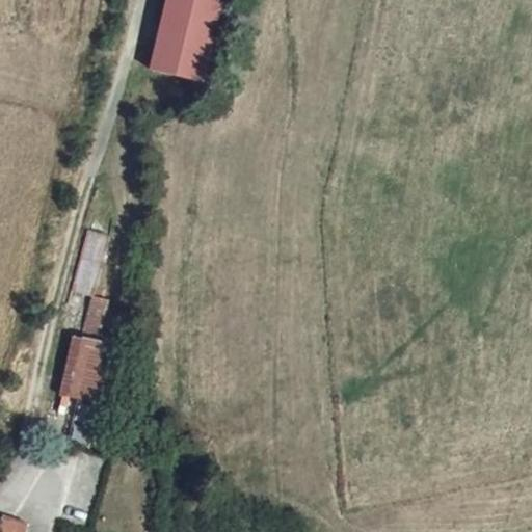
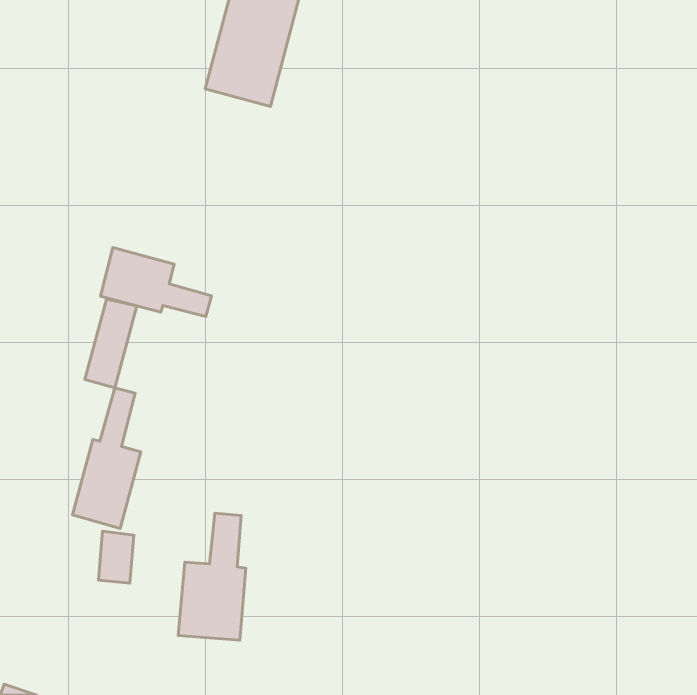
building: none -> [100,248,212,317]
building: none -> [178,513,246,640]

